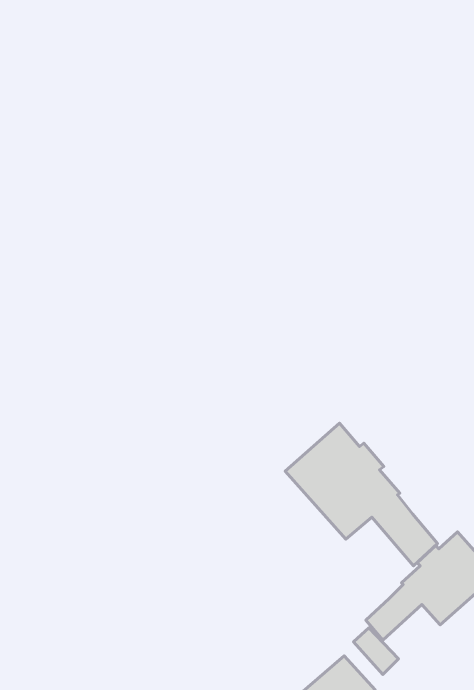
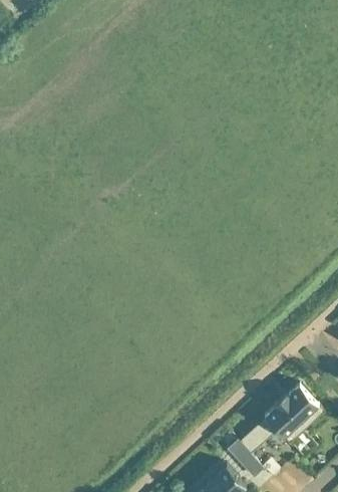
building: [285,423,438,566] -> none

